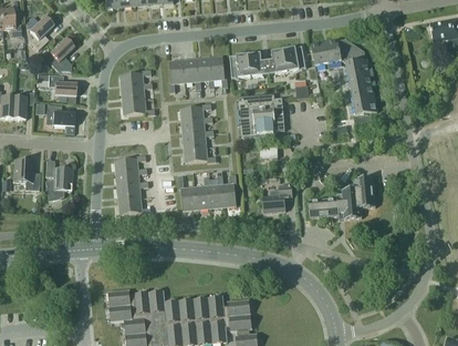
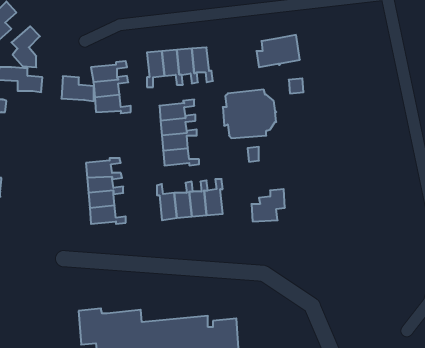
building: [310,38,376,124] -> none
building: [228,52,268,78] -> none
building: [44,104,73,126] -> [61,76,94,101]
building: [44,160,71,199] -> none
building: [306,177,374,220] -> none

